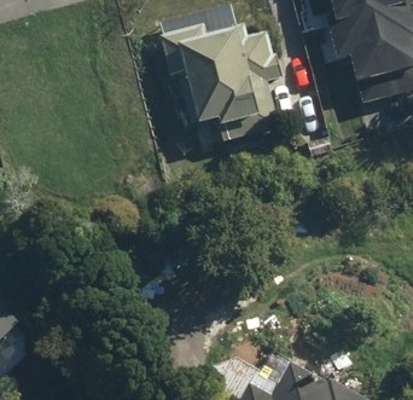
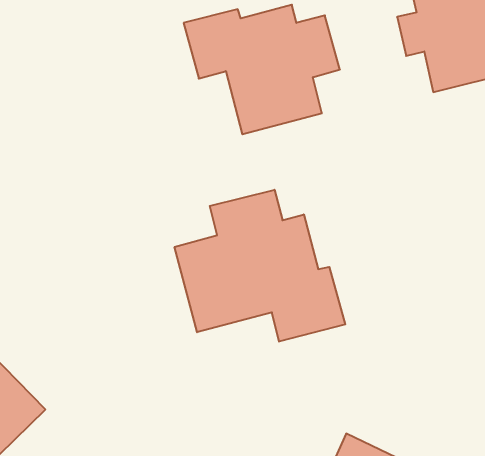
building: none -> [175,190,345,342]

